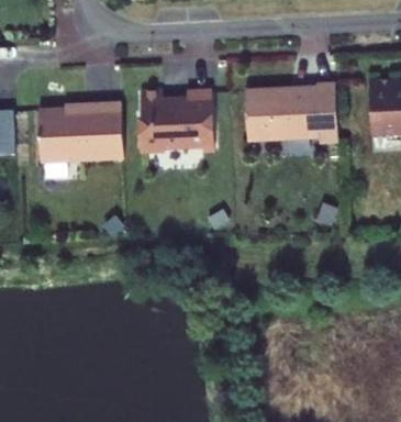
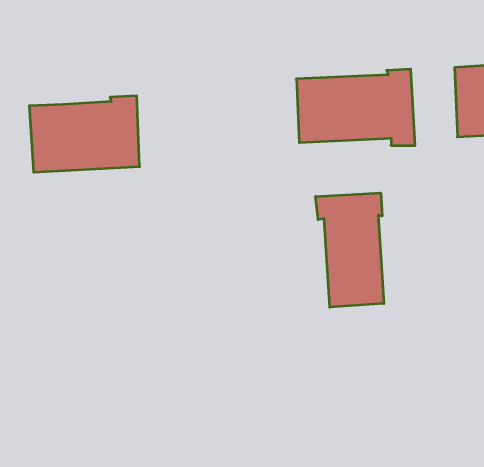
building: [140,90,214,154] -> none
building: none -> [316,193,384,307]

